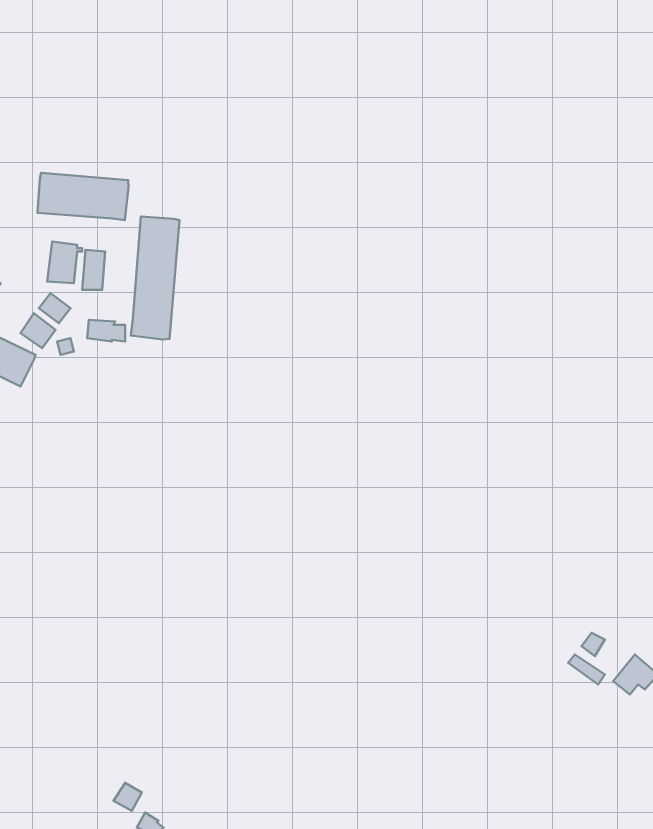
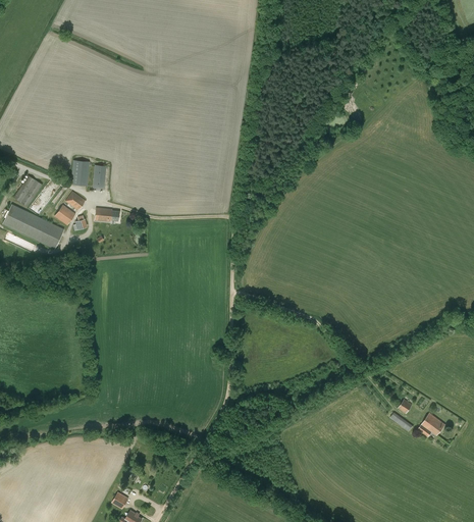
building: [38,173,129,220] -> none
building: [131,217,179,339] -> none

